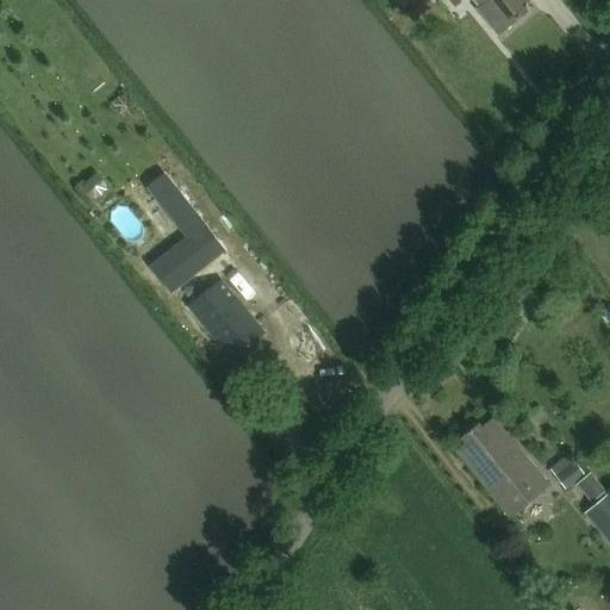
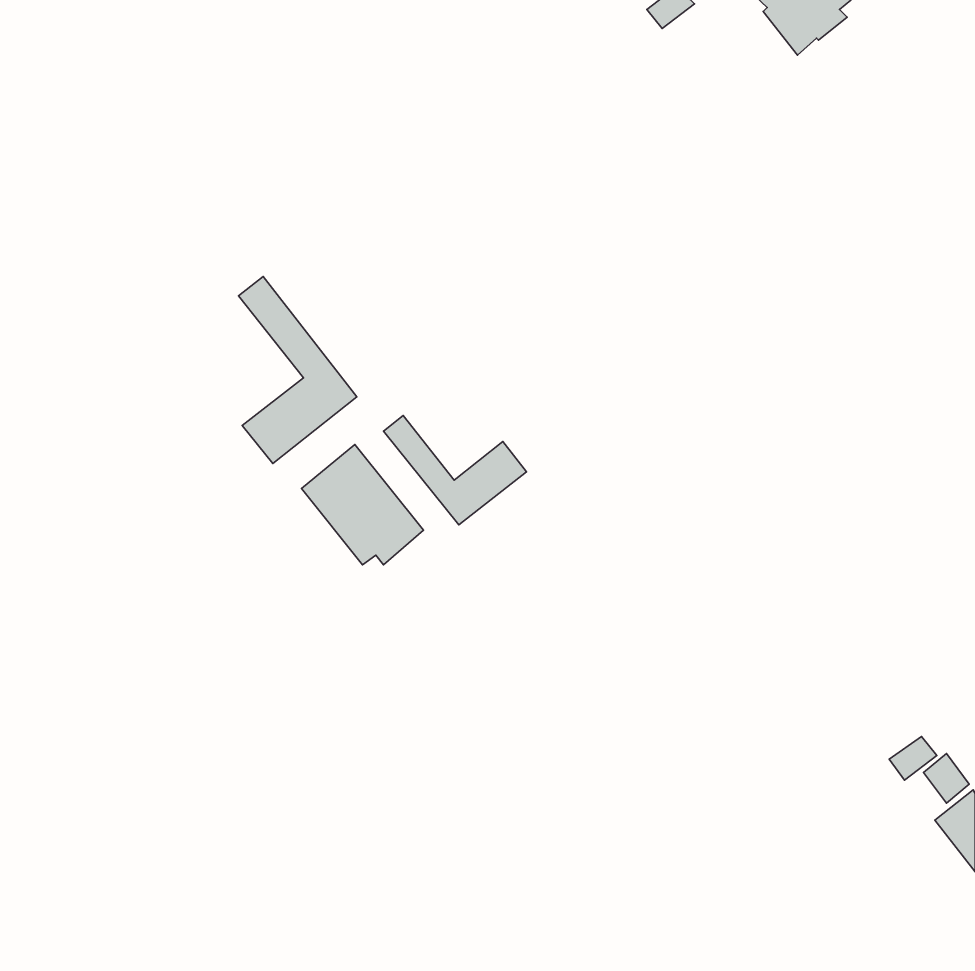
building: none -> [384,415,526,525]
building: [456,416,549,516] -> none

